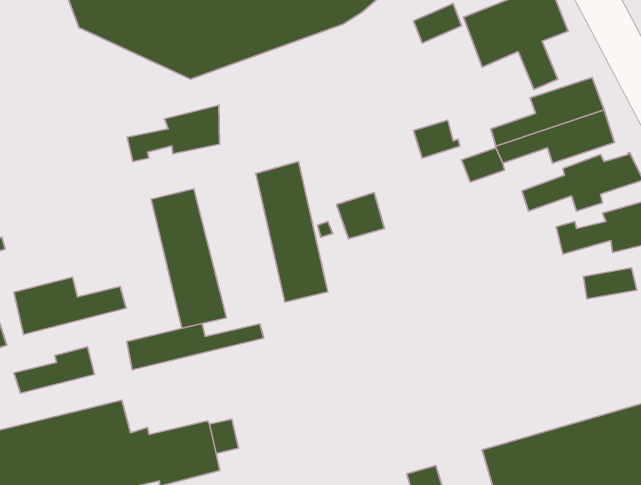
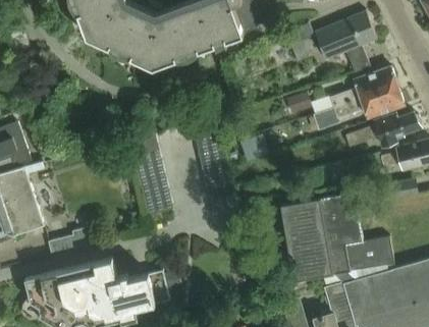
building: [127,105,219,162] -> none
building: [14,277,126,334] -> none
building: none -> [280,193,393,281]
building: [127,323,264,370] -> none

